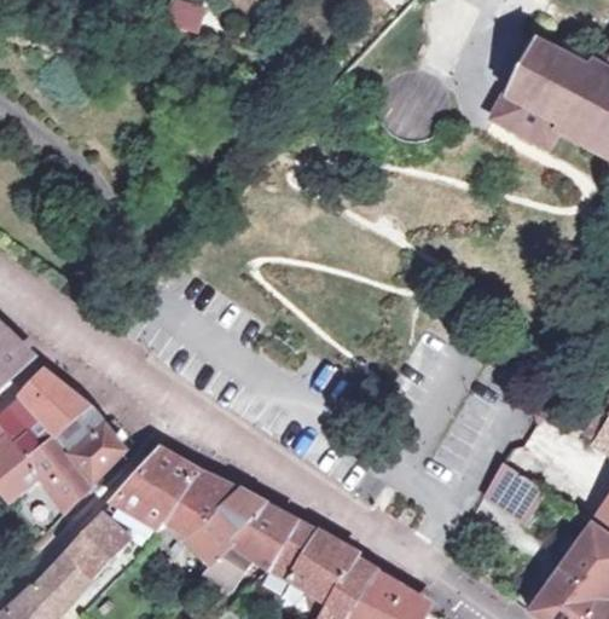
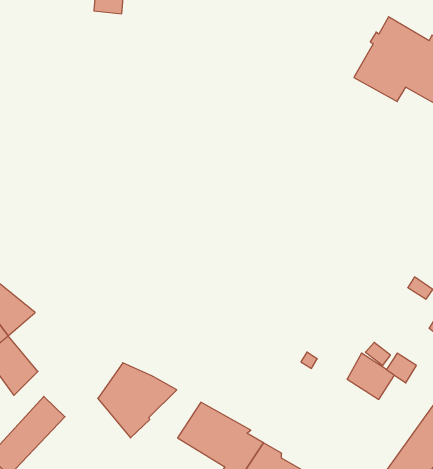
building: [58,409,126,482] -> none
building: [112,451,202,528] -> none
building: [207,505,300,588] -> none

